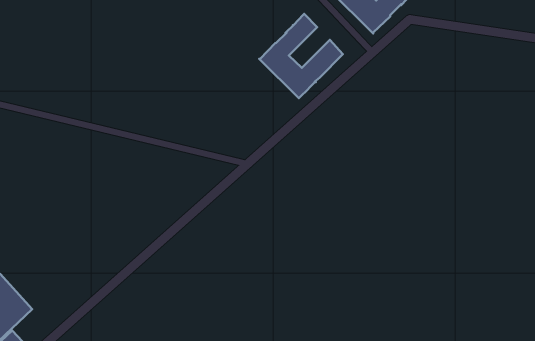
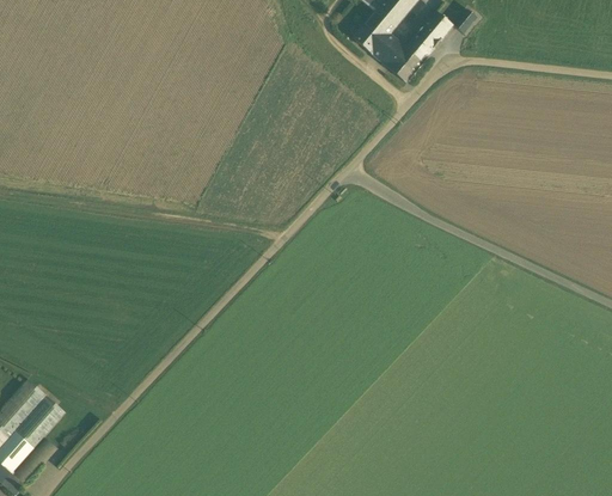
building: [259,14,343,98] -> none

